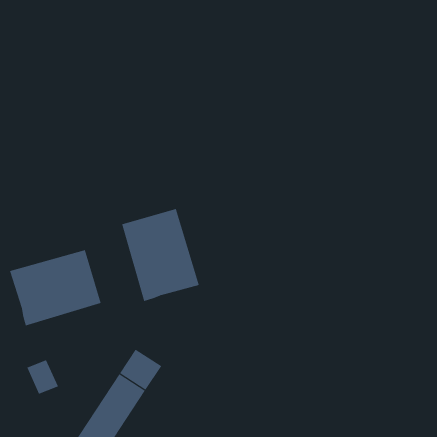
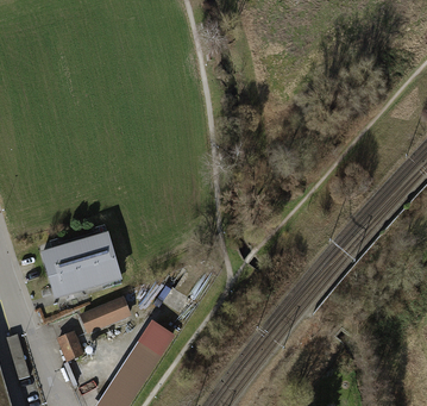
building: [122,208,200,302] -> none
building: none -> [79,294,132,332]

